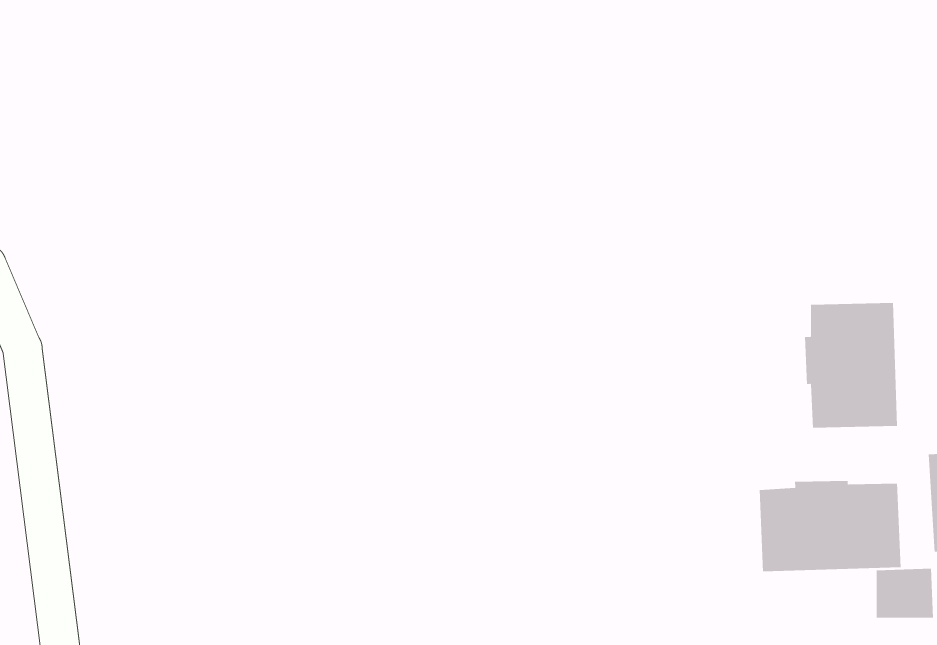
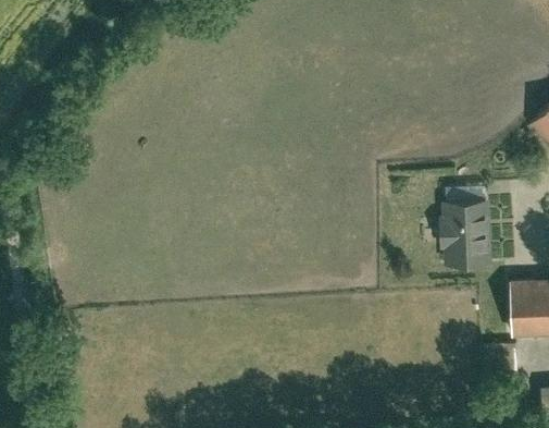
building: [759,480,901,572] -> none

